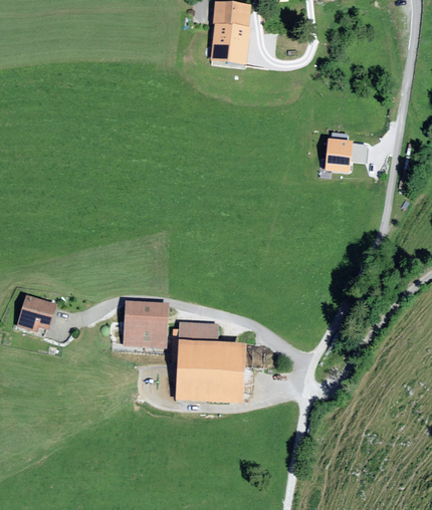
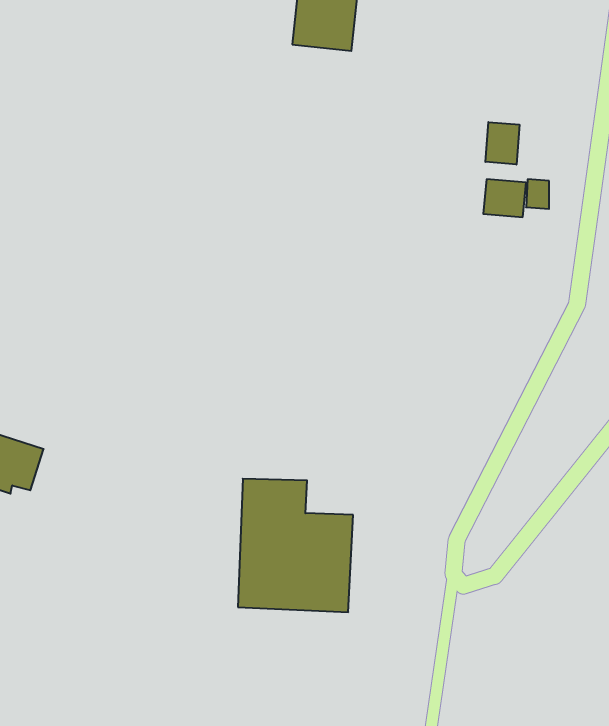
building: none -> [485,122,519,165]
building: [123,300,169,347] -> none

